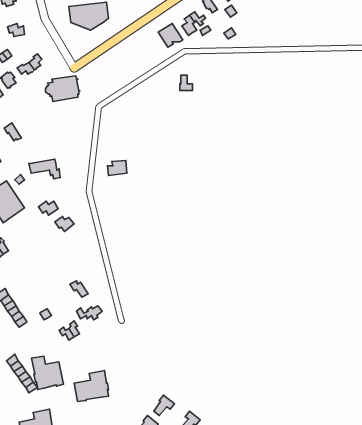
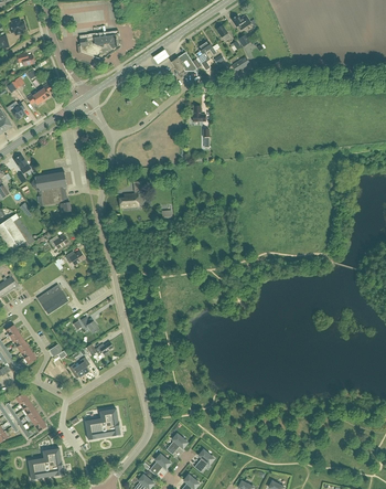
building: [45,76,80,102] -> [32,169,67,195]
building: none -> [37,284,68,313]
building: [31,356,63,390] -> none

